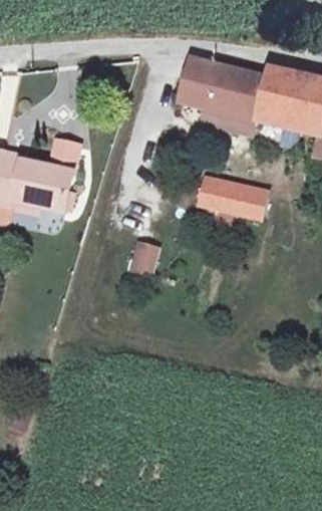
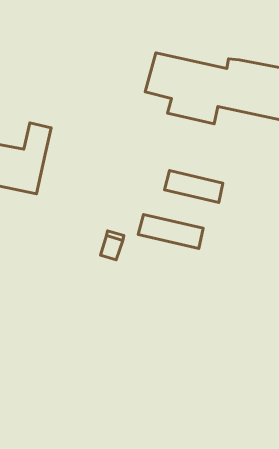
building: none -> [138,215,203,249]

